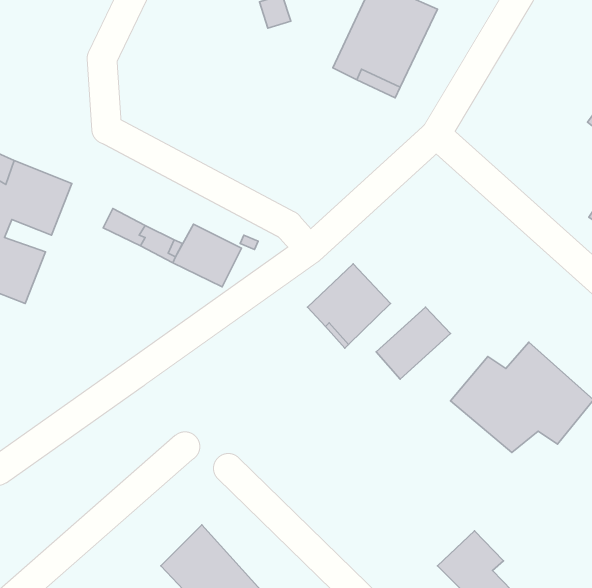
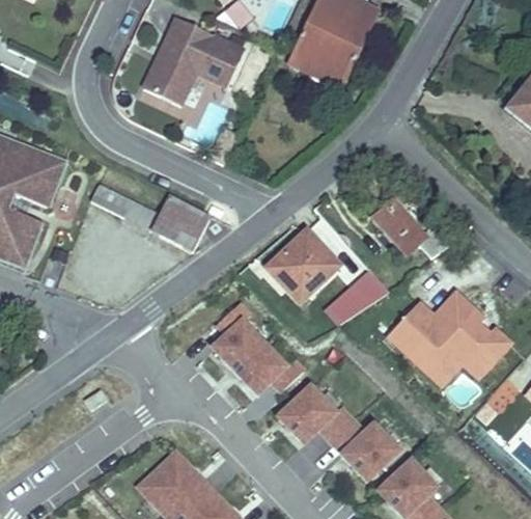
building: none -> [143,15,244,103]
building: none -> [371,199,453,256]
building: none -> [215,324,286,394]
building: none -> [278,384,398,479]

